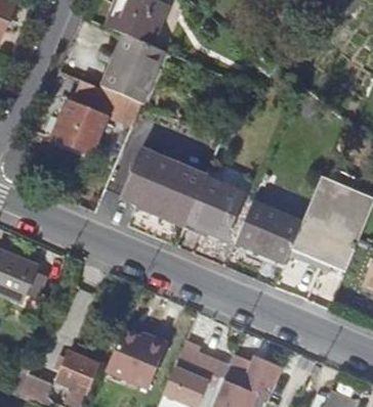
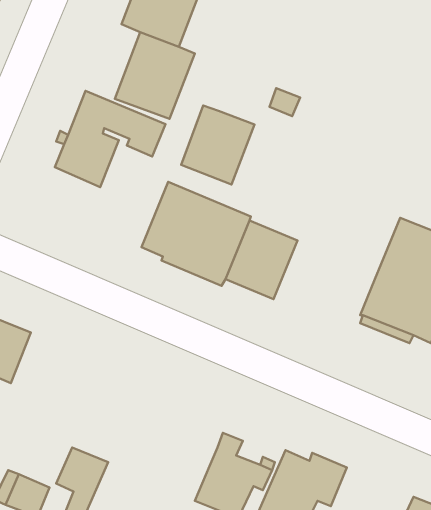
building: none -> [181,106,254,185]
building: [237,202,302,257] -> none
building: [107,329,168,389] -> none

